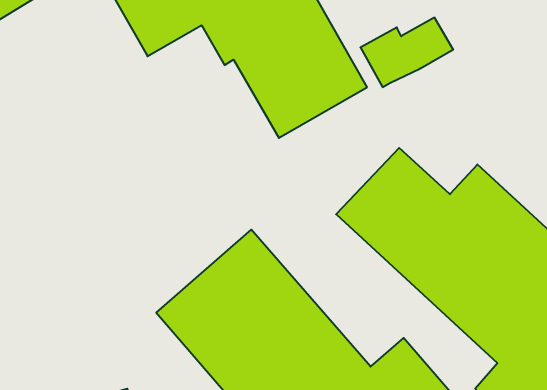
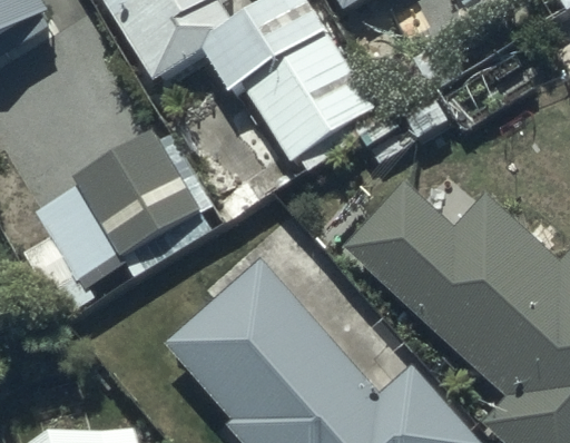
building: none -> [18,127,205,317]

